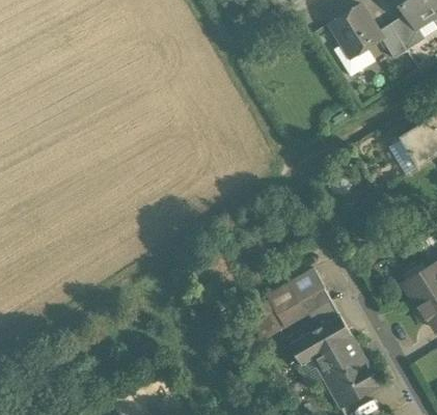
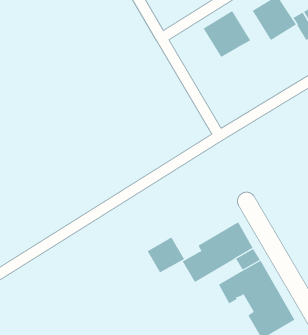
building: none -> [203,10,251,58]
building: none -> [147,236,185,273]

